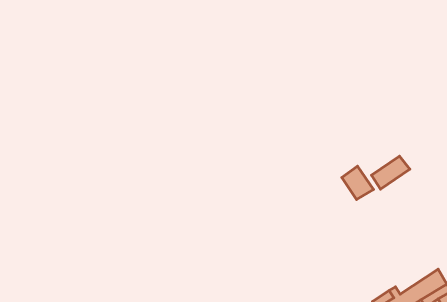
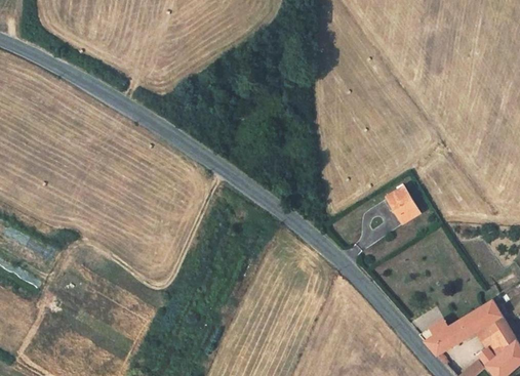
building: [372,156,410,189] -> none

